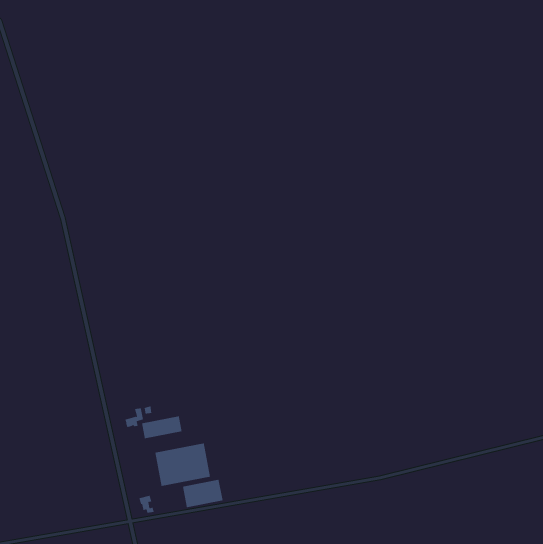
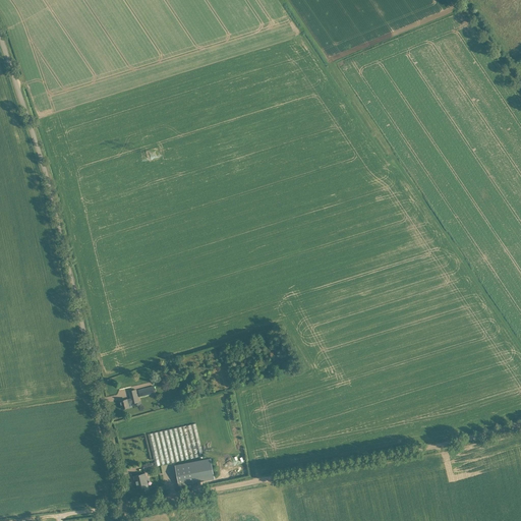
building: [141,416,182,439] -> none

